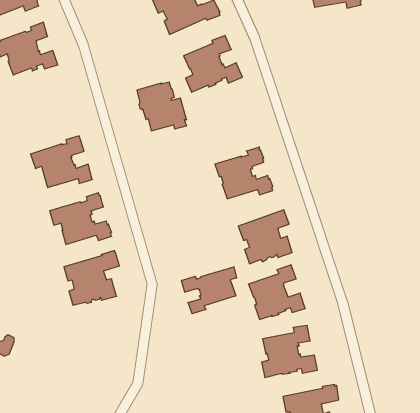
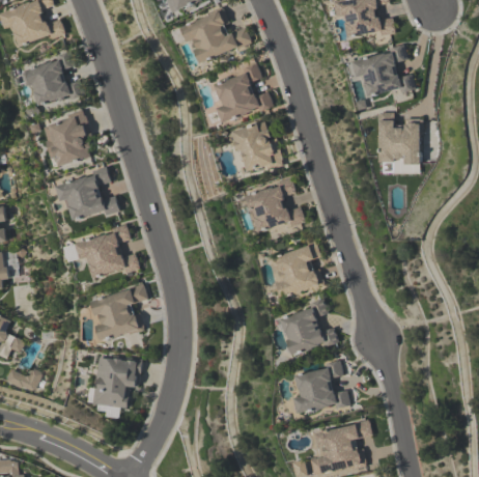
building: none -> [346,45,414,96]
building: none -> [44,110,92,167]
building: [137,82,187,131] -> [231,122,282,172]
building: none -> [376,113,422,175]
building: [182,267,237,314] -> none
building: none -> [92,357,141,408]

